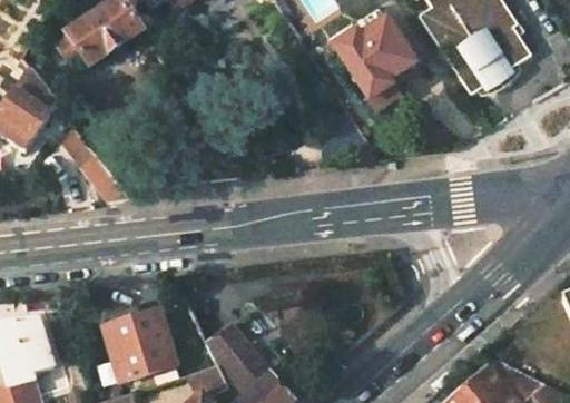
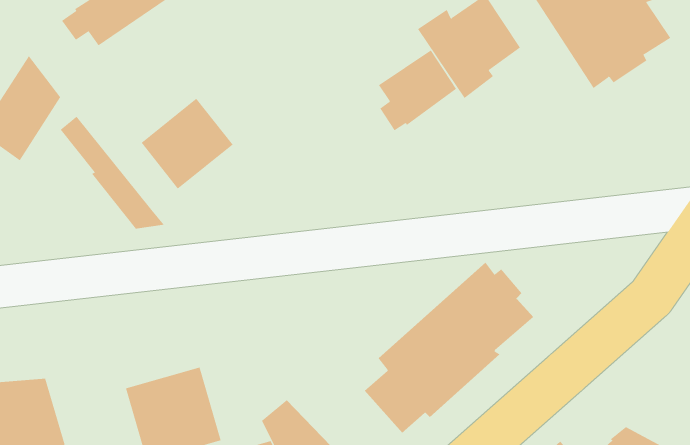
building: none -> [378,50,457,131]
building: none -> [141,98,233,189]
building: none -> [364,262,534,434]

